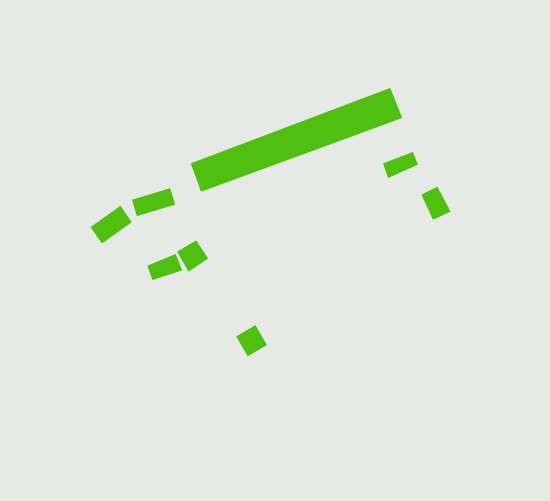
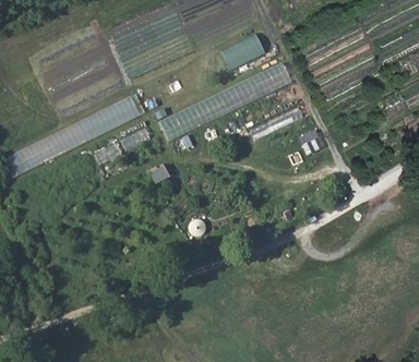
building: none -> [222,35,265,69]

